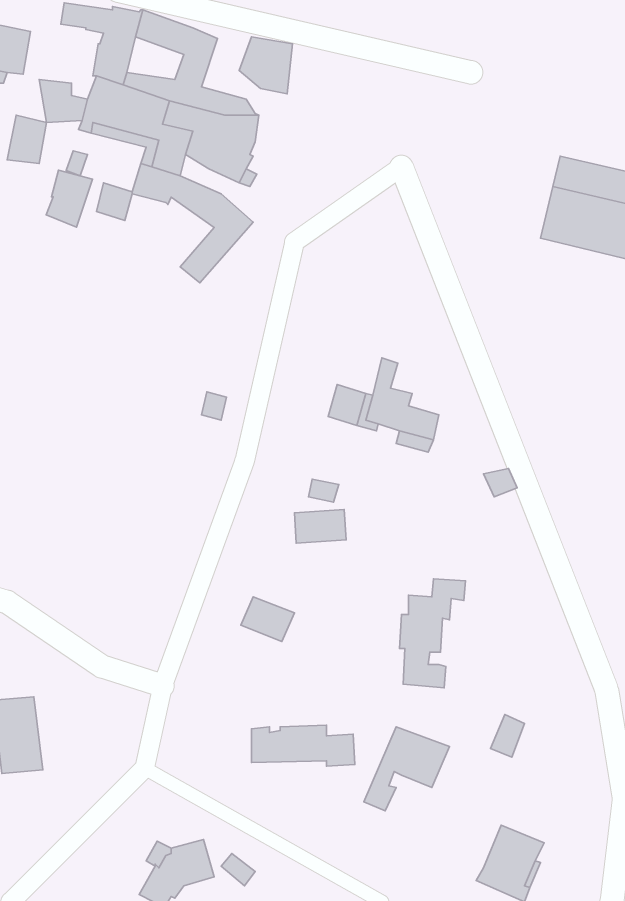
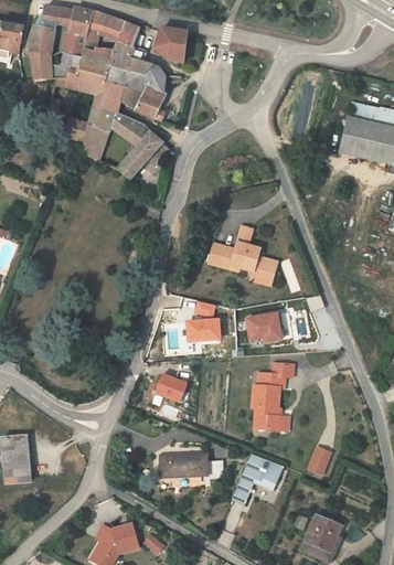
building: [7,115,46,163] -> [30,26,54,56]
building: [46,170,92,227] -> [79,125,108,160]
building: none -> [246,313,283,342]

